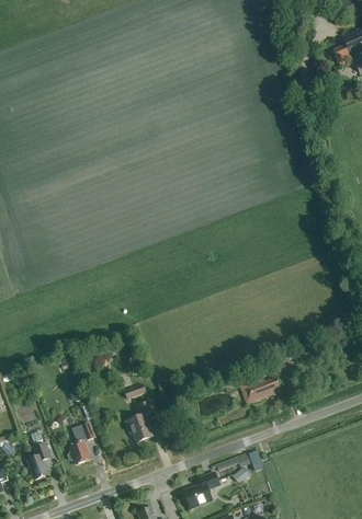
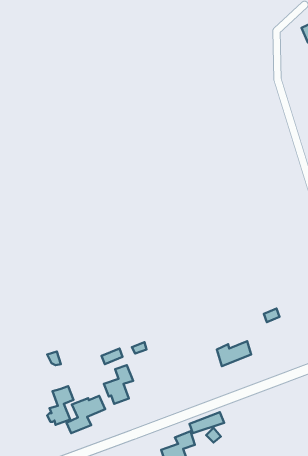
building: none -> [66,396,105,433]
building: [27,443,50,480] -> none

